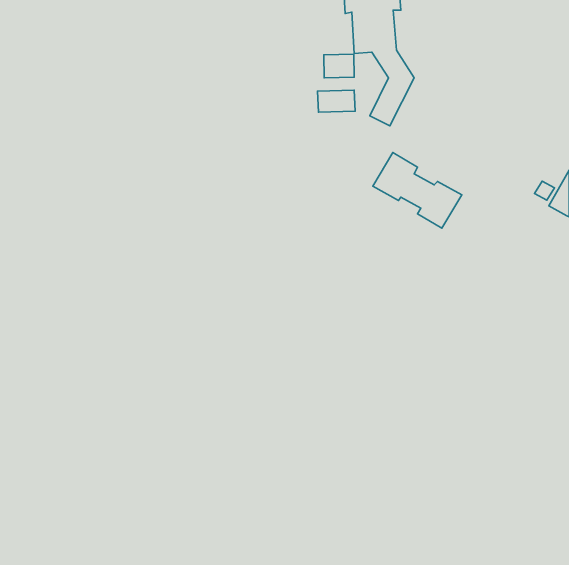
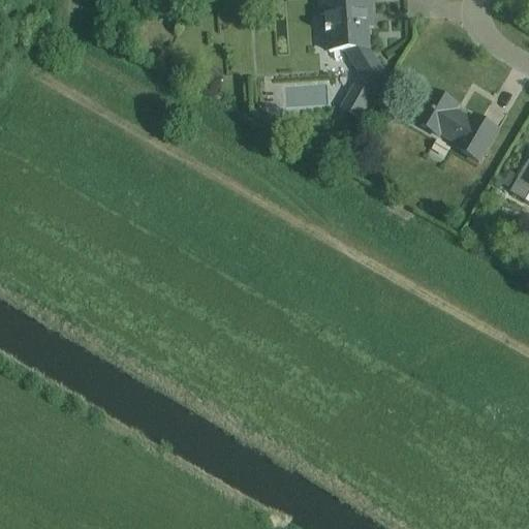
building: [324,54,354,78] -> none
building: [373,153,462,228] -> [414,90,497,160]

